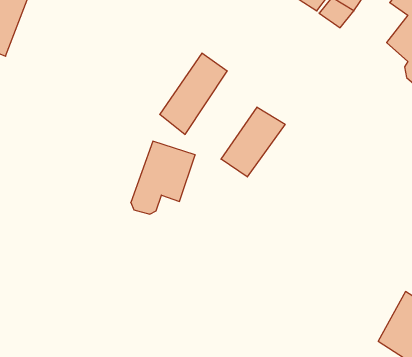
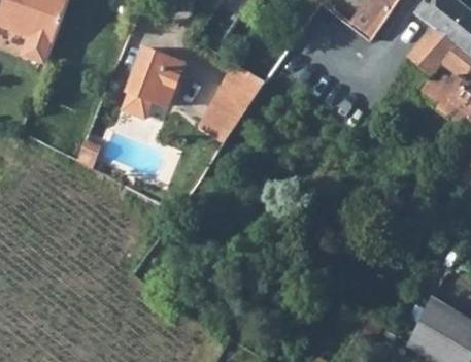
building: [221,107,285,177] -> none
building: [131,141,195,214] -> [120,44,182,116]

